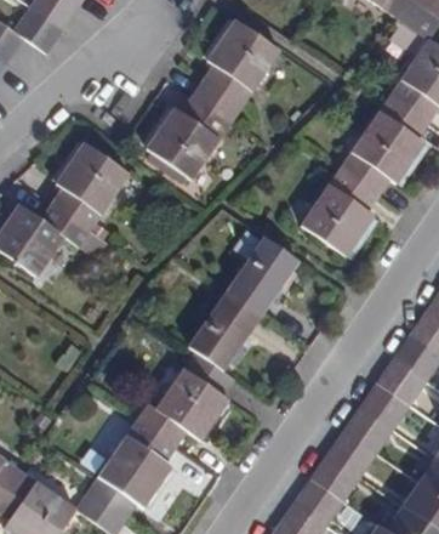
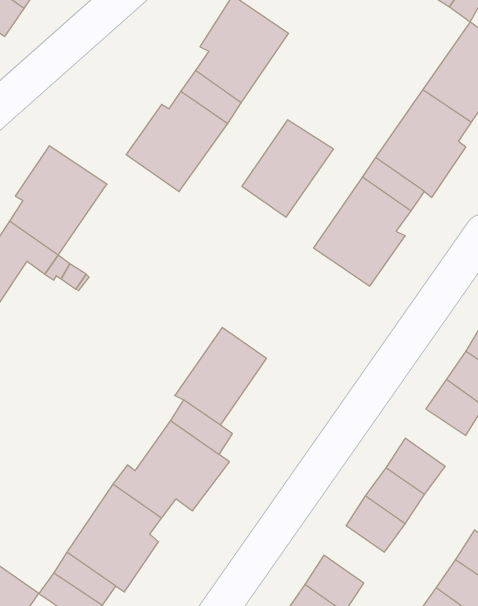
building: [226,235,301,316] -> [242,120,333,217]
building: [376,357,426,404] -> none
building: [309,453,359,500] -> none

